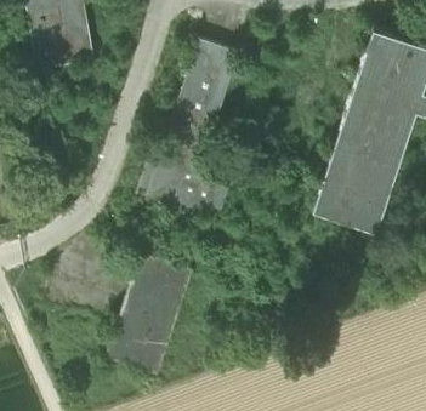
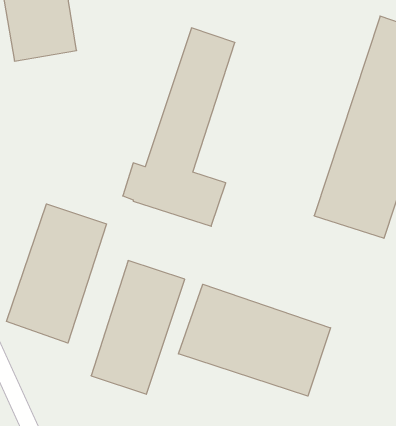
building: none -> [7,204,107,343]
building: none -> [178,284,331,396]

